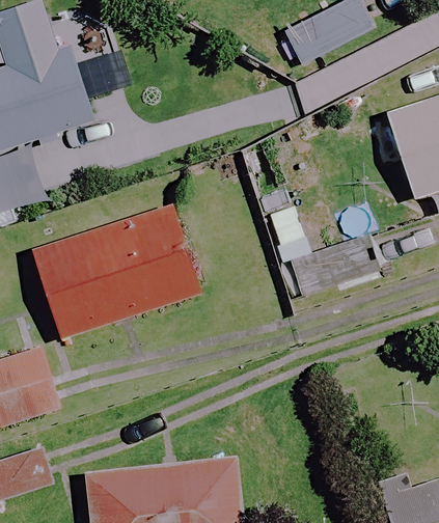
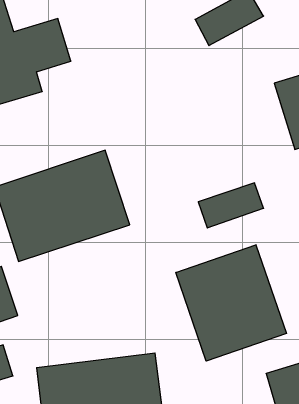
building: none -> [176,245,286,361]

